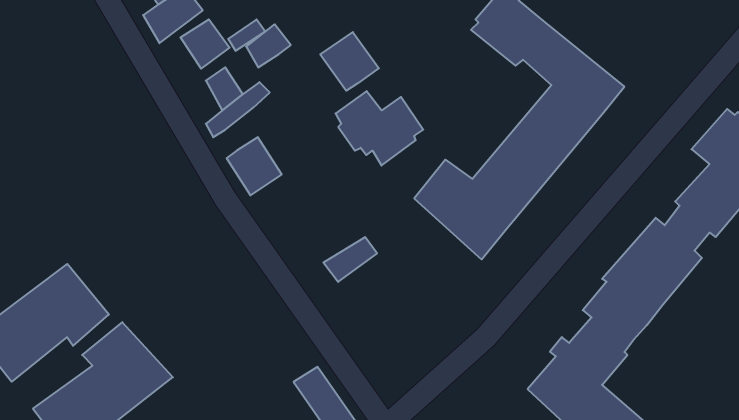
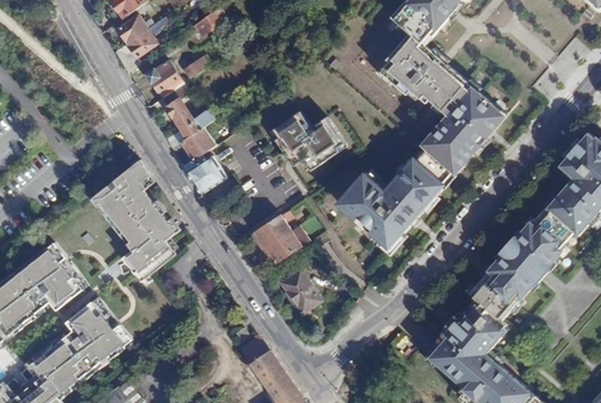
building: [246,24,291,67] -> [182,127,218,161]
building: [320,32,379,91] -> none
building: none -> [92,166,183,291]
building: none -> [250,215,295,251]
building: none -> [281,273,321,317]

